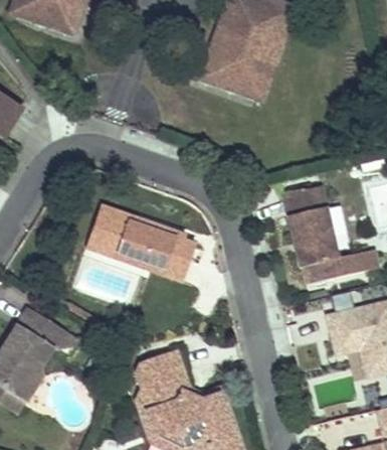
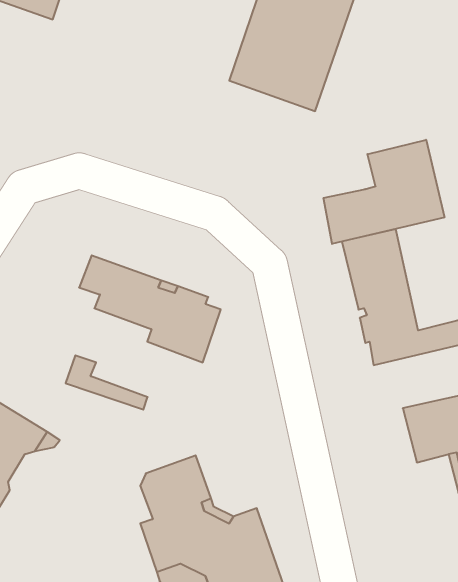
building: none -> [324,140,444,244]
building: [85,227,145,266] -> [66,355,148,410]

